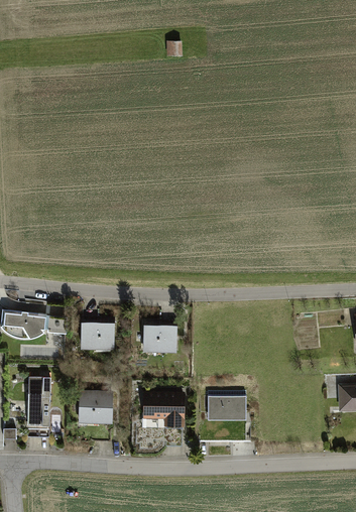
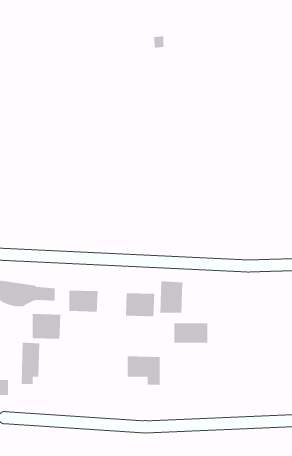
building: none -> [160,280,183,313]
building: [80,392,112,421] -> [32,313,61,340]
building: [208,397,246,420] -> [174,322,208,344]

